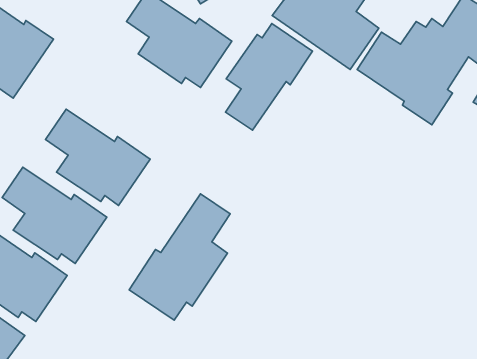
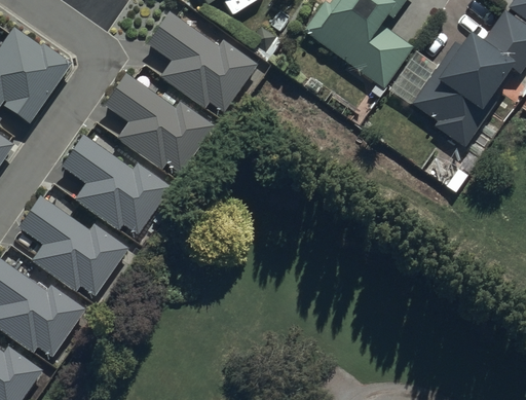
building: [226,24,312,130] -> none
building: none -> [105,70,214,171]
building: [129,194,230,320] -> none

